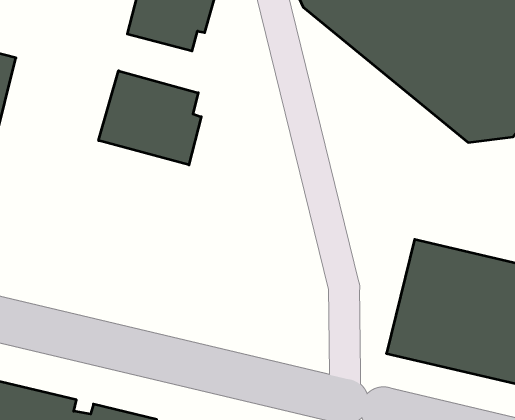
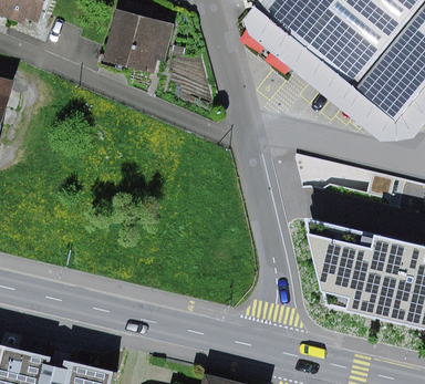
building: [99,71,201,165] -> none

